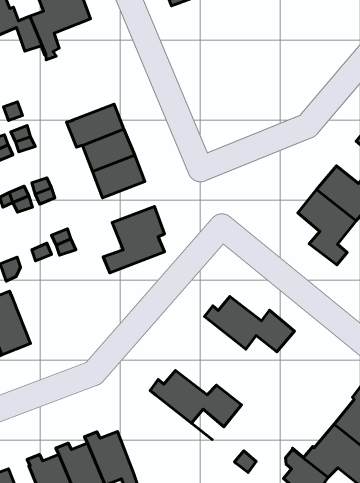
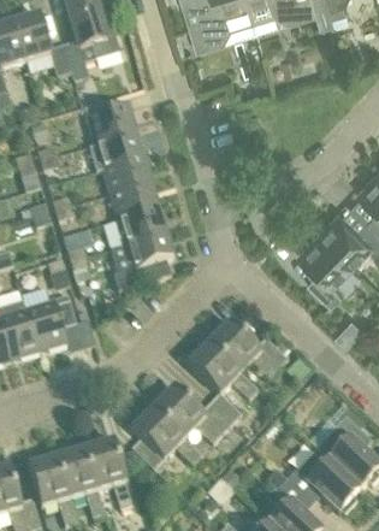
building: none -> [84,100,136,146]
building: none -> [118,208,166,244]
building: none -> [26,296,77,352]
building: none -> [184,340,259,425]
building: none -> [128,409,202,470]

